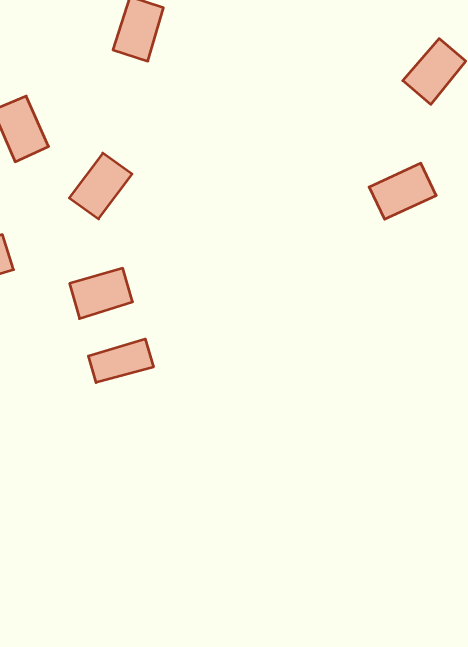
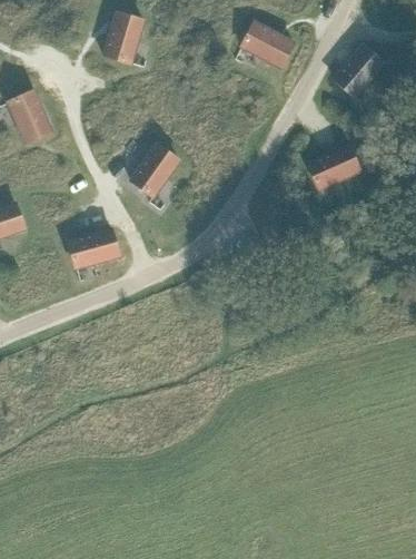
building: none -> [241,22,295,68]
building: [69,153,132,219] -> [130,145,180,197]
building: [88,339,153,383] -> none

